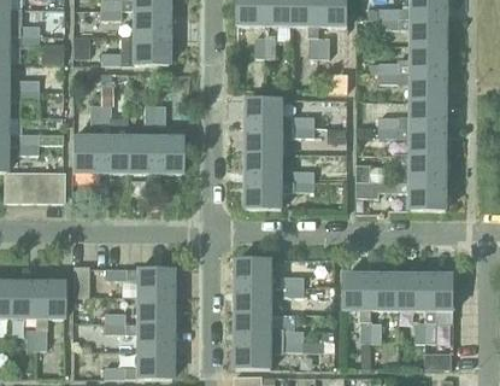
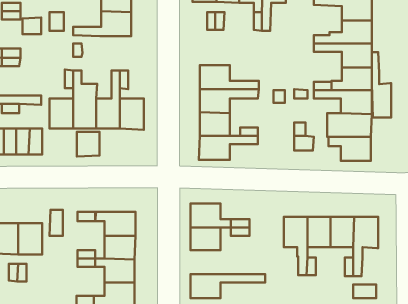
building: none -> [372,52,391,118]
building: none -> [77,132,100,156]
building: [237,312,306,340] -> none

